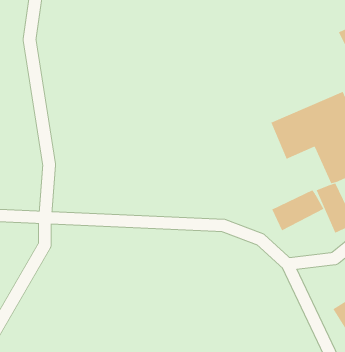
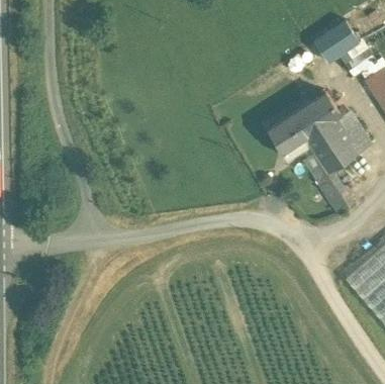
building: [271,190,324,231] -> none

